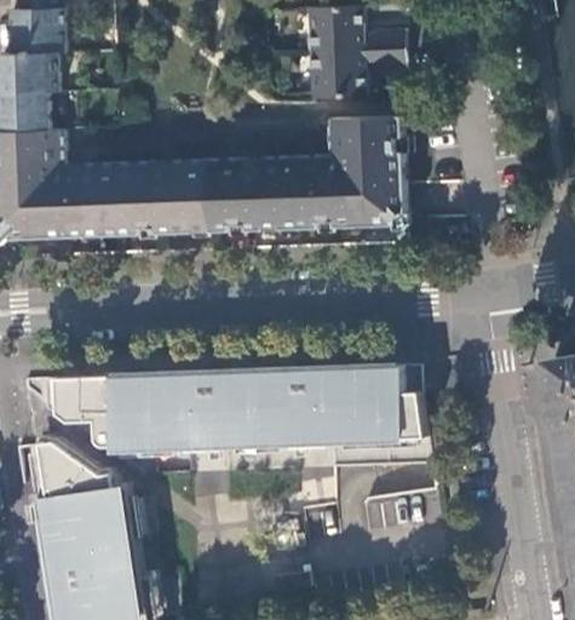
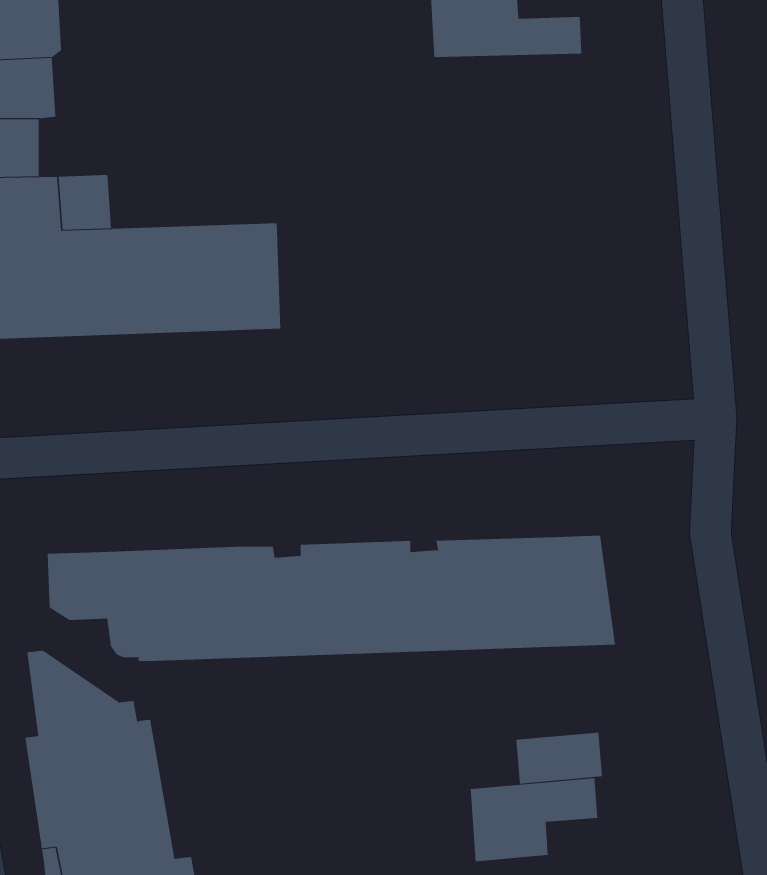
building: [307,52,404,101] -> none
building: [206,117,403,231] -> none
building: none -> [470,777,598,862]

